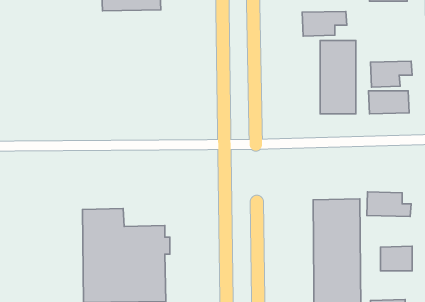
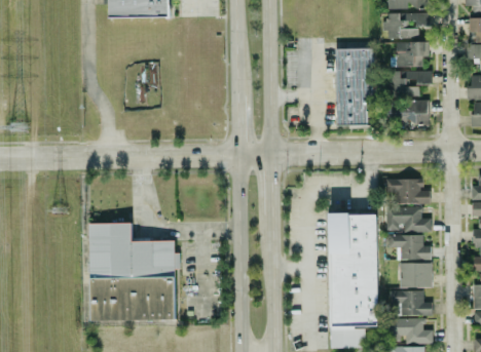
building: [302,11,347,36] -> [384,12,431,38]
building: none -> [396,41,429,66]
building: none -> [385,179,430,203]
building: none -> [387,234,431,260]
building: none -> [390,289,432,315]

